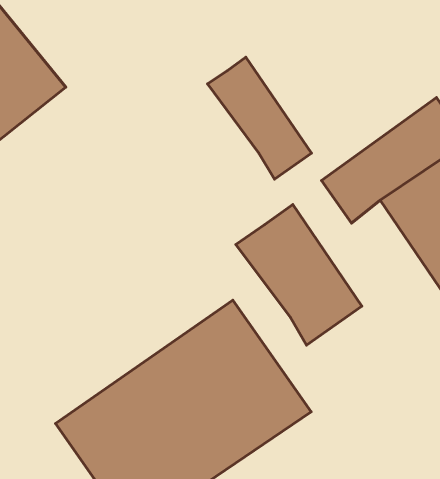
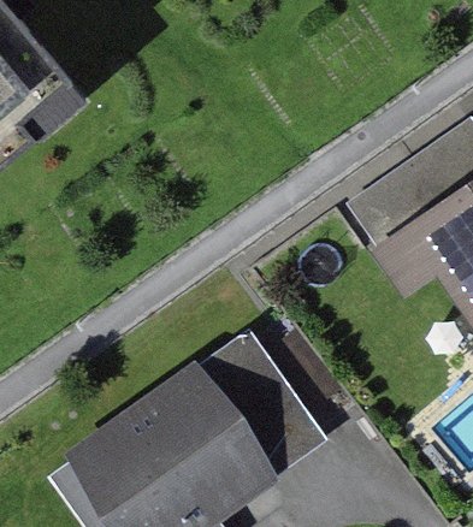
building: [208,57,311,179] -> none
building: [236,205,362,345] -> none

